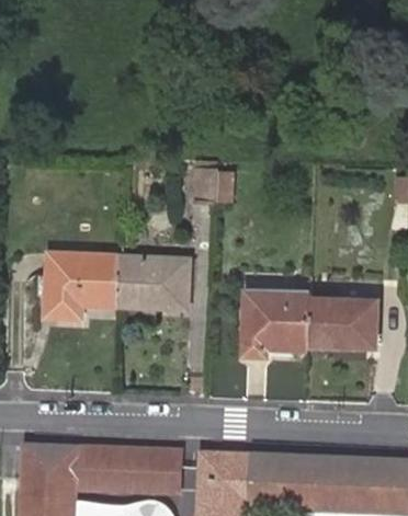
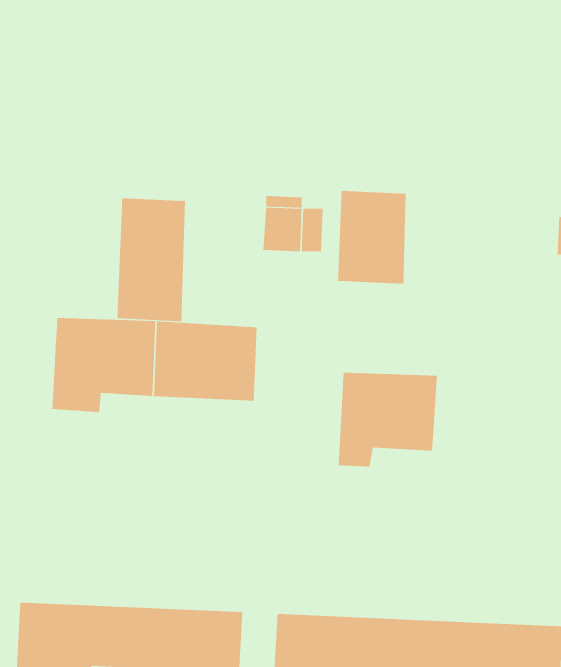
building: none -> [337,190,406,285]
building: none -> [117,197,186,322]
building: [307,291,376,346] -> none

